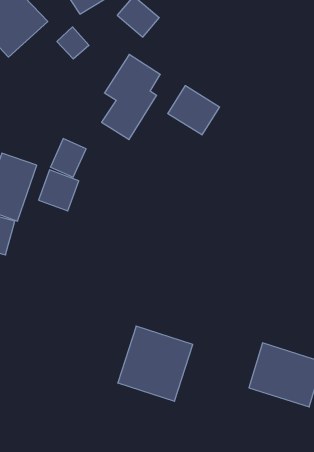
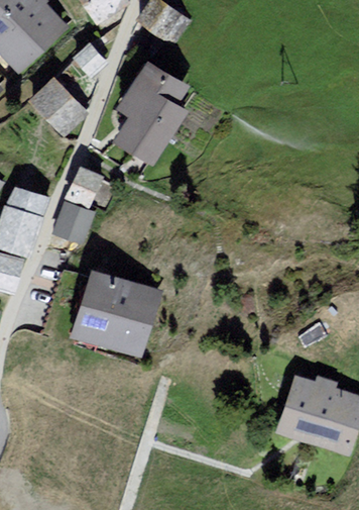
building: none -> [37,86,85,134]
building: [168,86,220,135] -> none
building: [118,326,193,401] -> [76,276,158,359]

